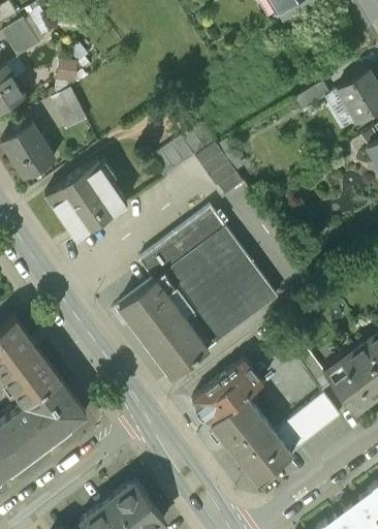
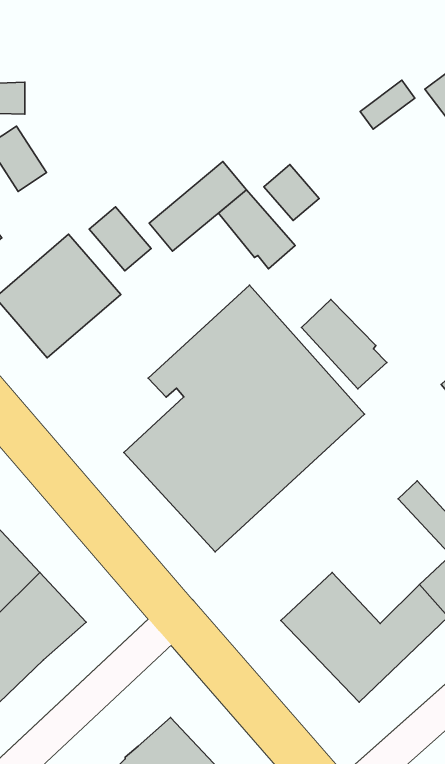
building: none -> [264,165,319,221]
building: none -> [89,207,151,271]
building: none -> [301,300,387,389]
building: [191,361,262,425] -> none

